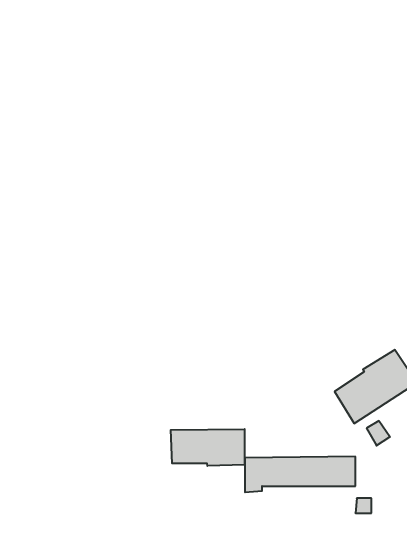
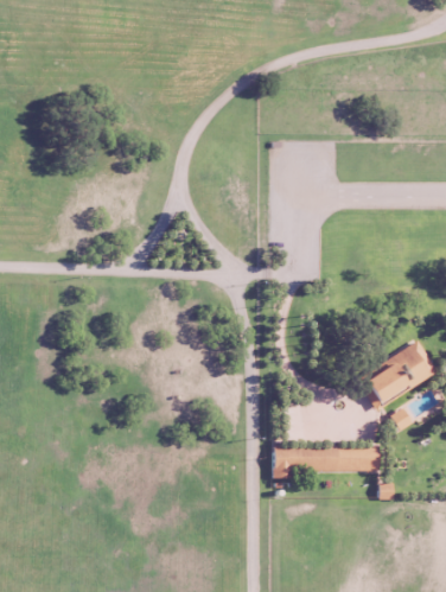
building: [171,429,245,466] -> none

